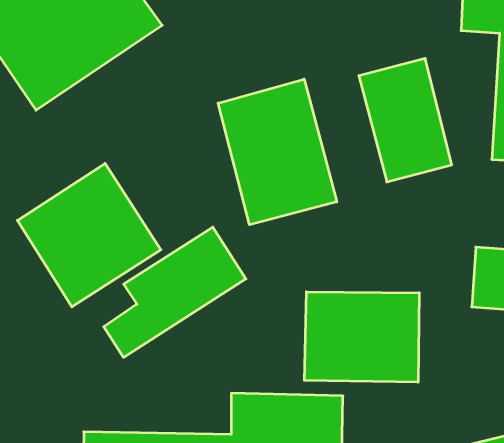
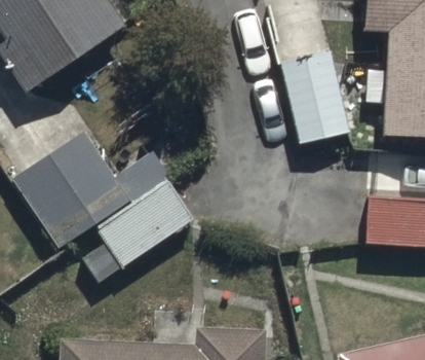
building: [218,79,337,225] -> none
building: [304,292,419,382] -> none

